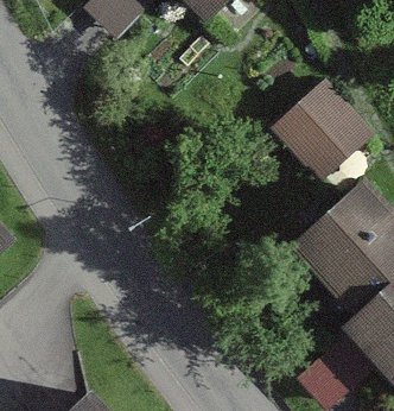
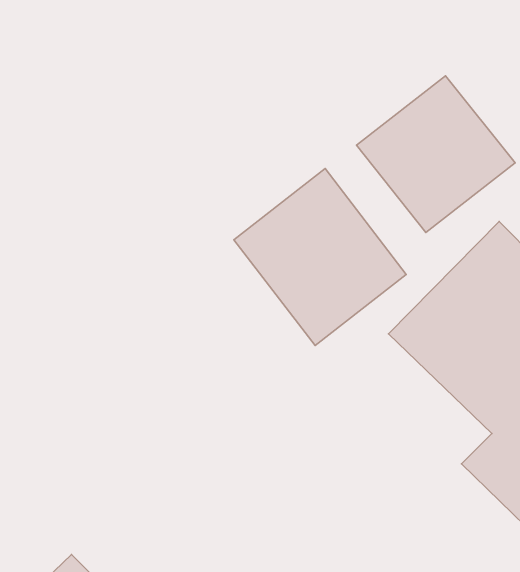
building: none -> [234,169,406,346]

